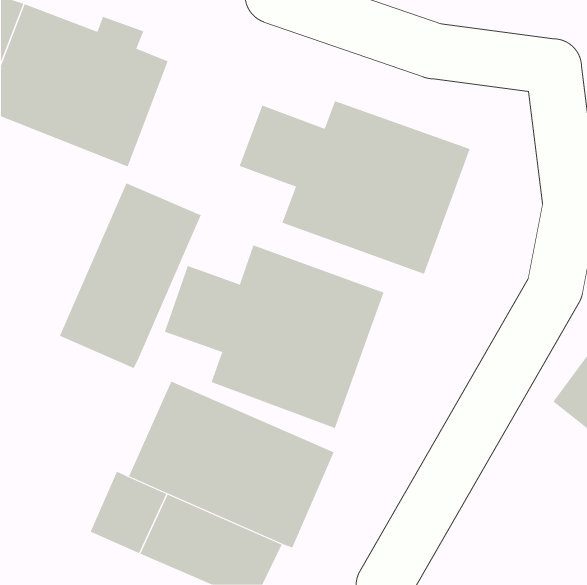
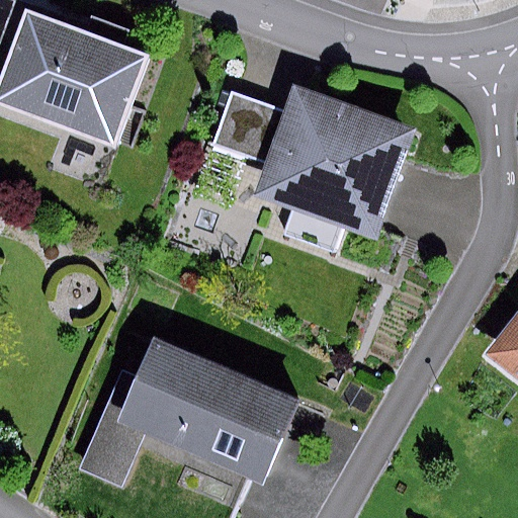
building: [59,183,202,369] -> none
building: [164,245,384,429] -> none

